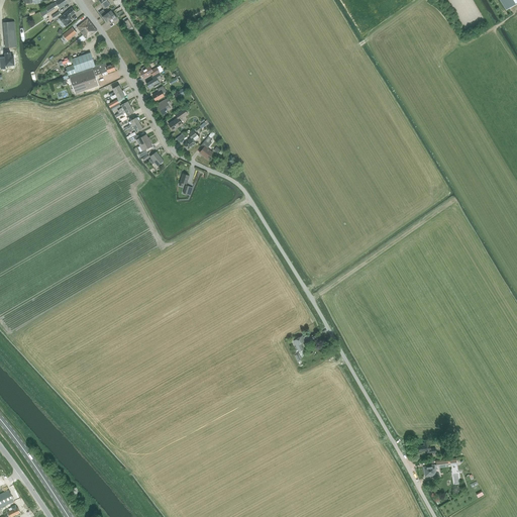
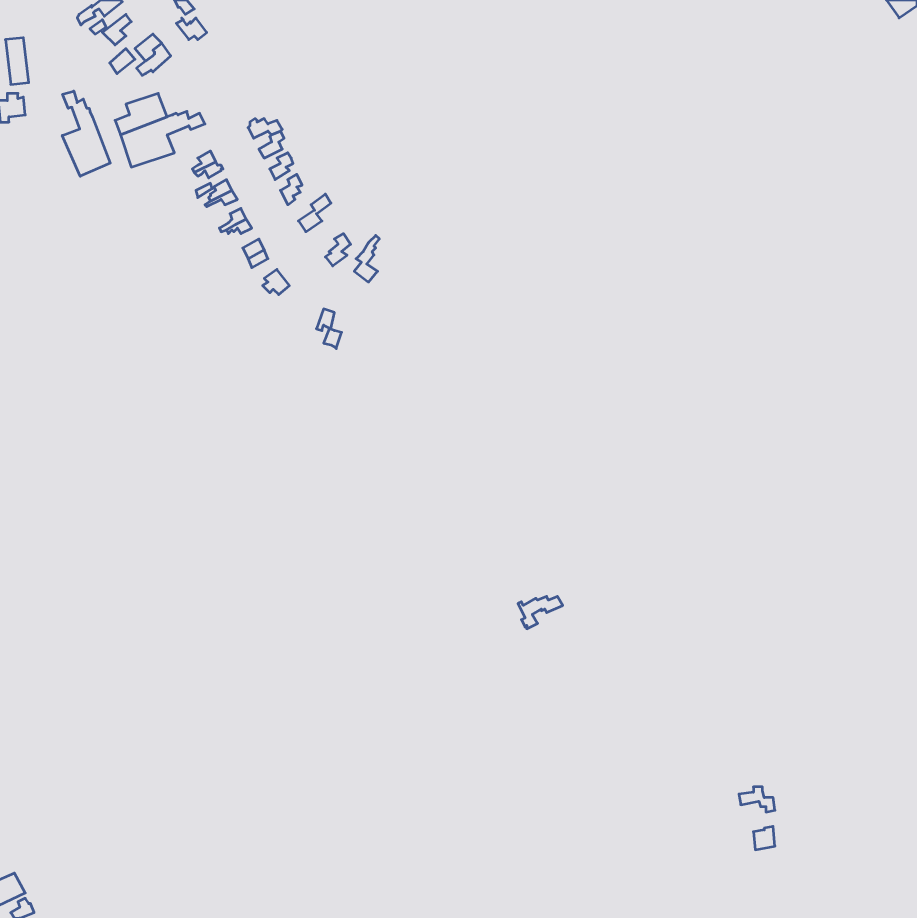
building: none -> [62,91,110,176]

